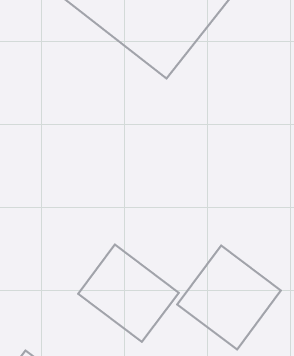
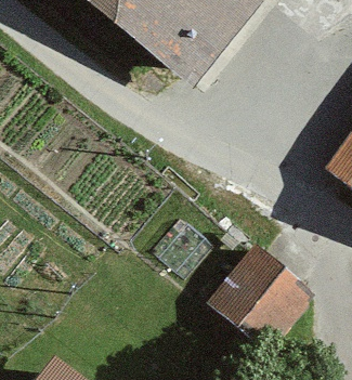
building: [78,245,179,342] -> none

